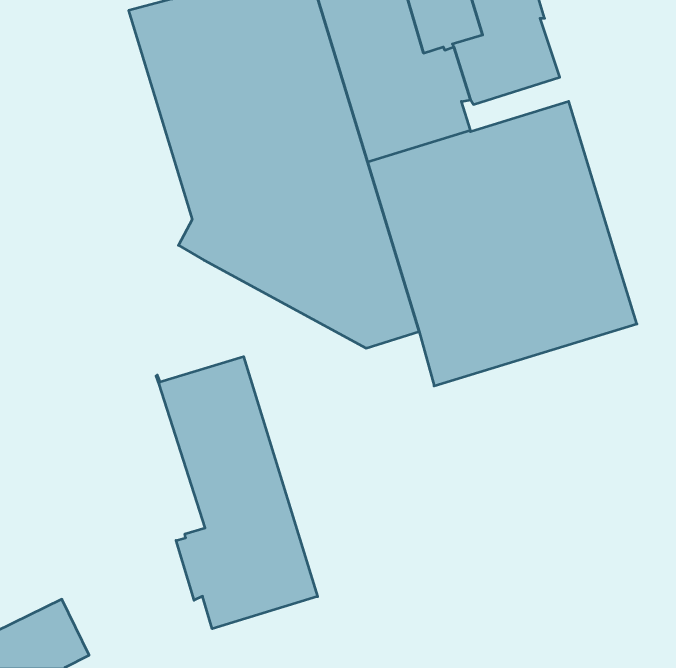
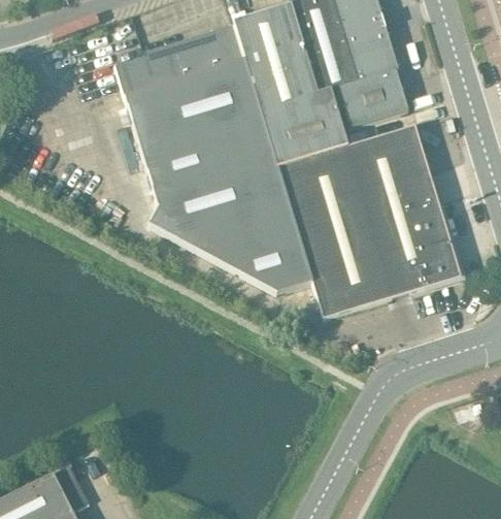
building: [156,357,318,629] -> none

